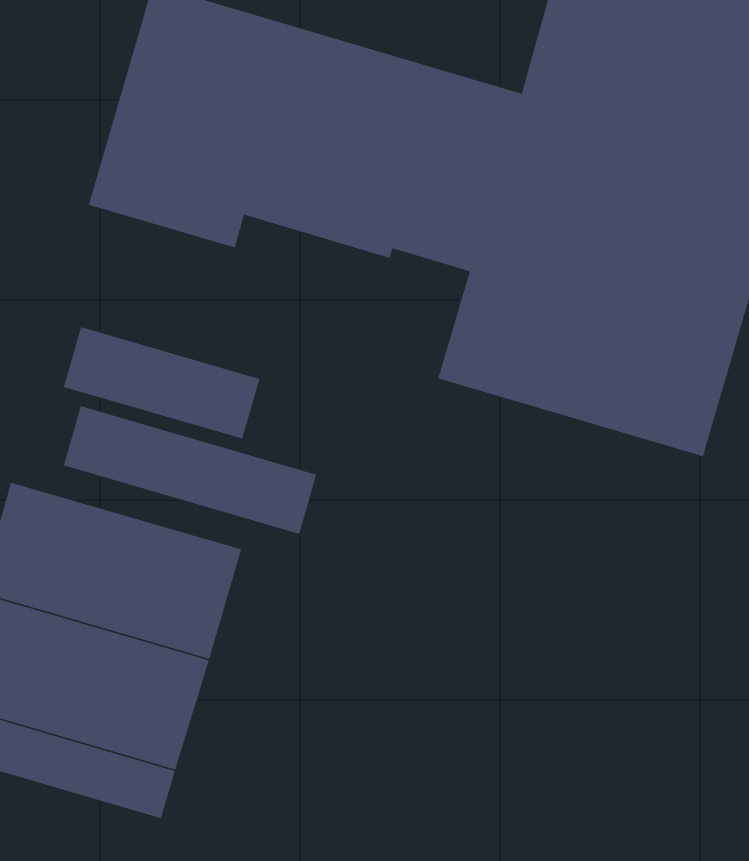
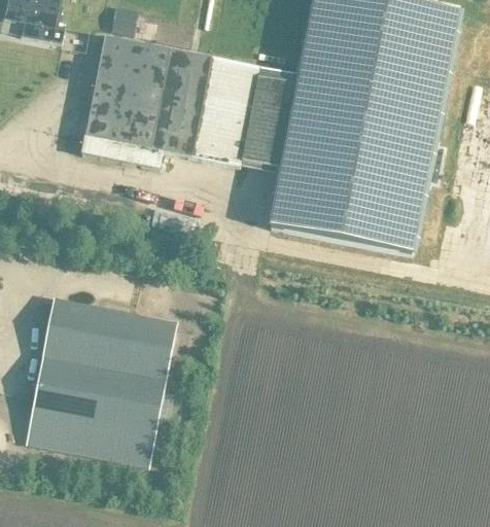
building: [63,326,260,440] -> none
building: [63,405,317,535] -> none

